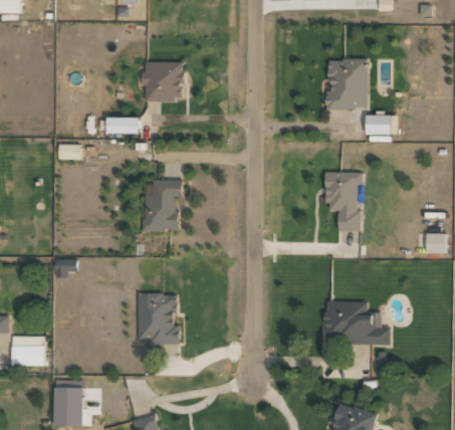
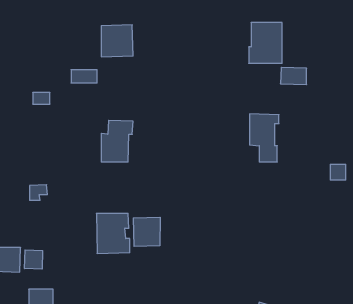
building: none -> [133,217,160,246]
building: [324,301,390,344] -> none
building: none -> [25,250,43,269]

